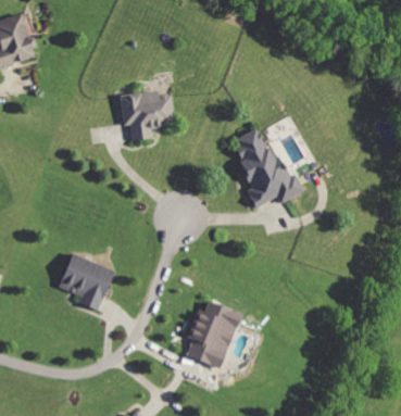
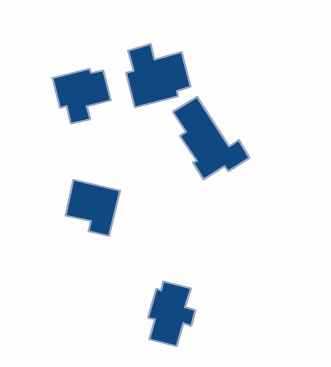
building: none -> [126,44,190,107]
building: [59,253,114,311] -> [65,180,120,236]

